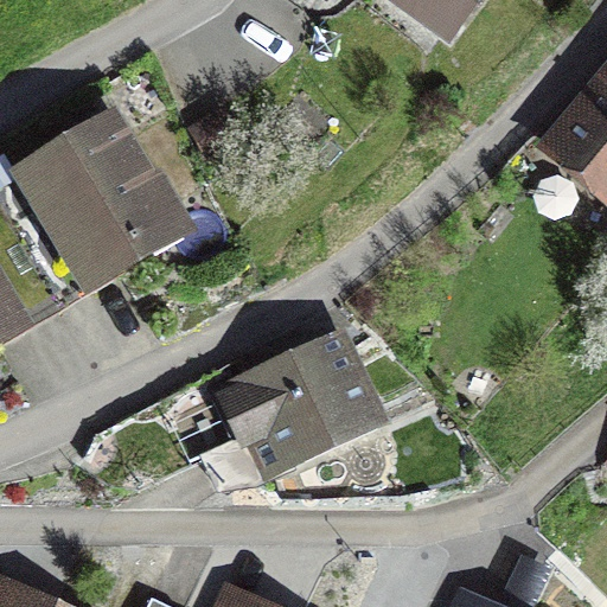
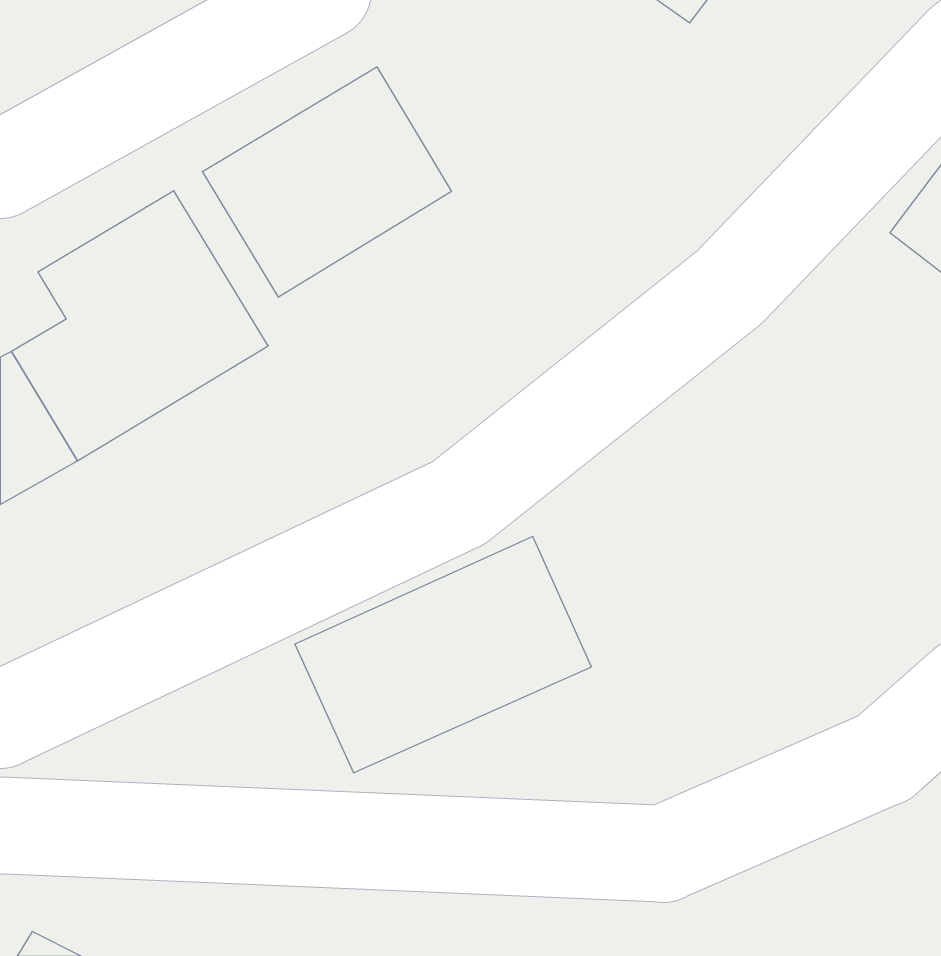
building: none -> [202,67,451,297]

